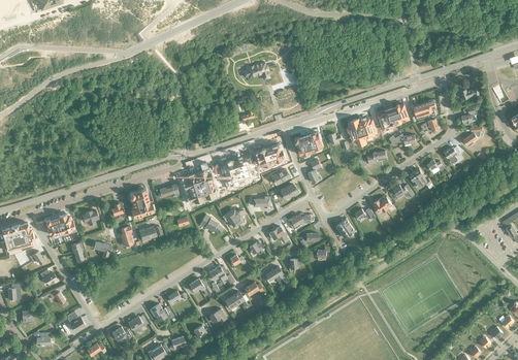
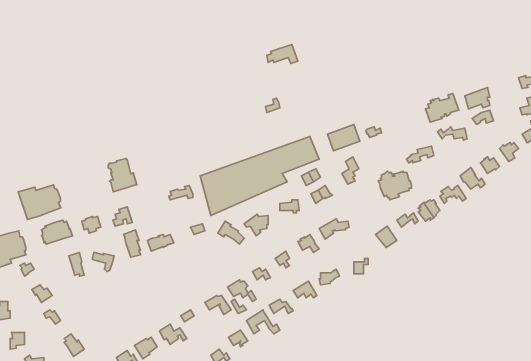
building: [347,119,376,143] -> [378,171,411,200]
building: none -> [18,185,61,219]
building: [129,189,154,218] -> [108,158,137,192]

